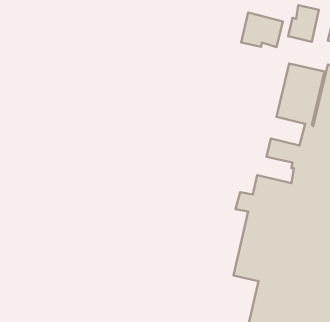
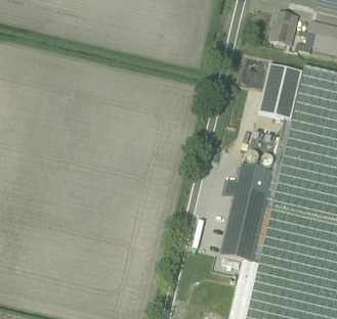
building: [241,12,283,47] -> none

